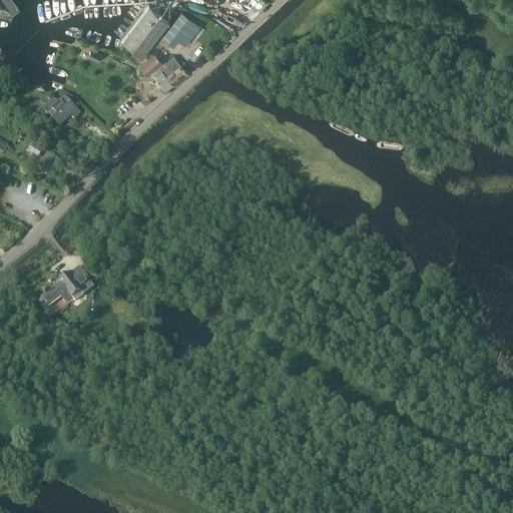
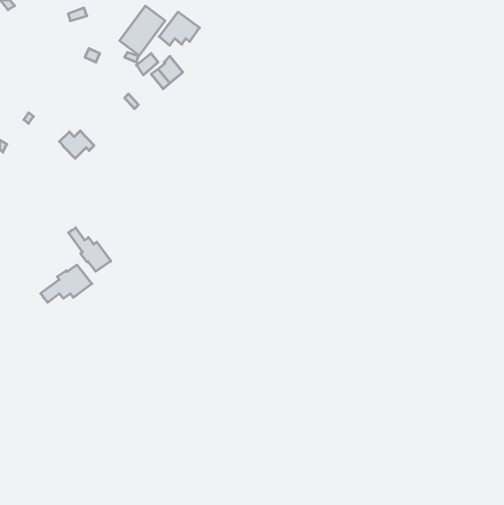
building: [43,98,78,126] -> [59,131,94,158]
building: none -> [68,228,111,271]

